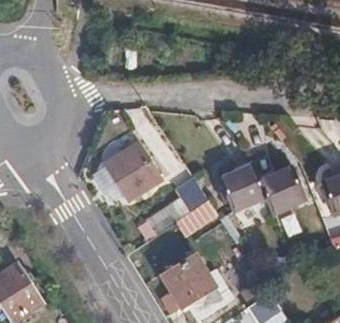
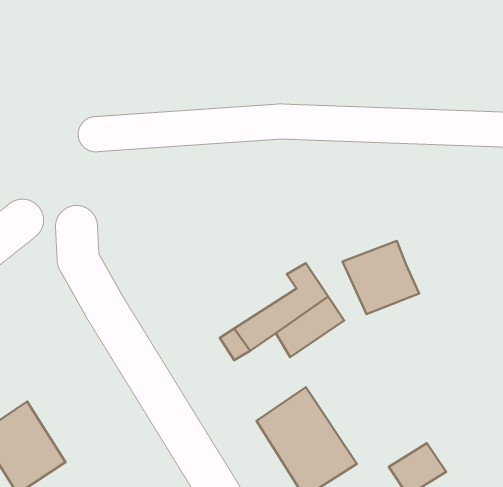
building: [106,141,162,199] -> none
building: [256,165,304,212] -> none

